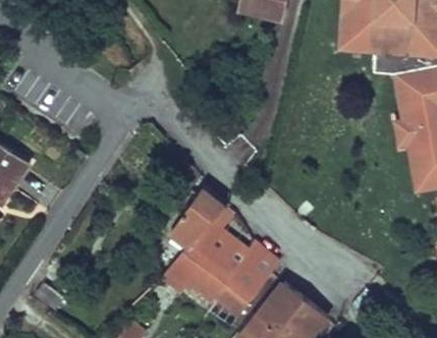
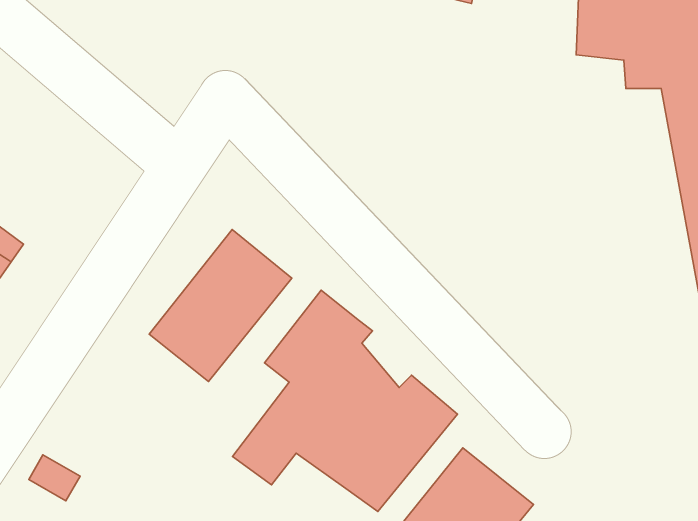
building: none -> [149,229,292,381]

